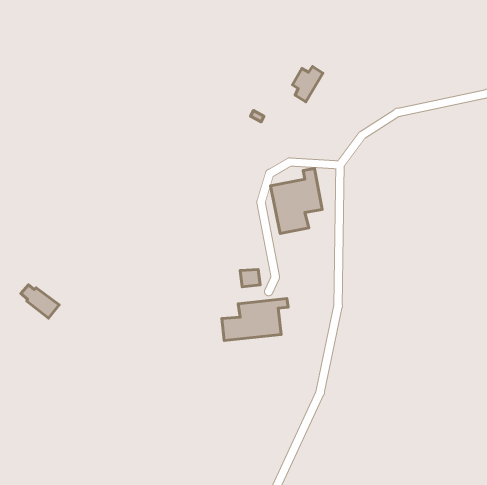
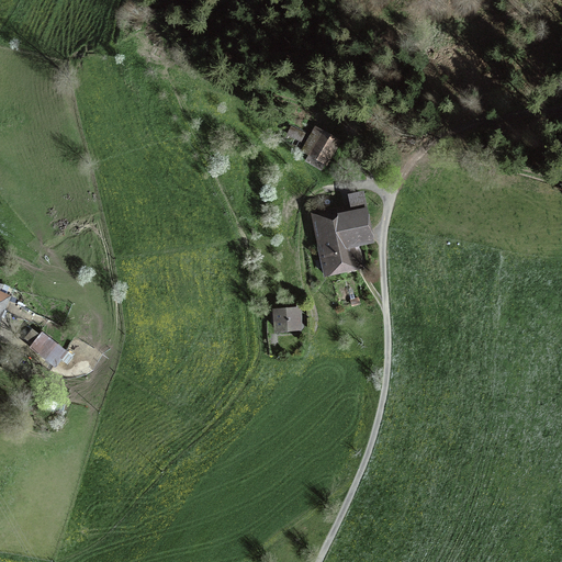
building: [292,67,323,102] -> [305,130,340,170]
building: [222,298,288,340] -> none

